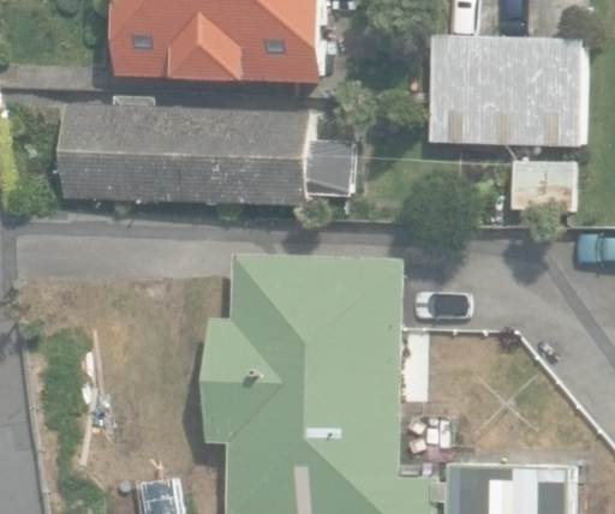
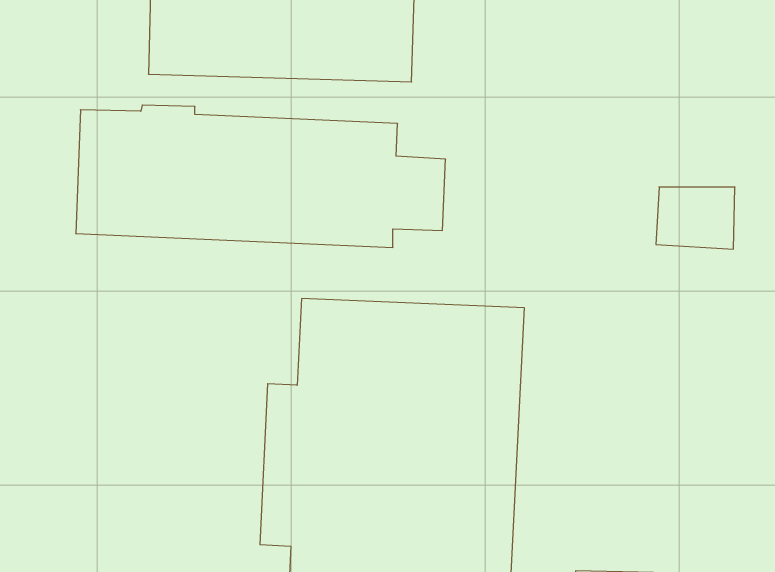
building: [425,35,580,147] -> none

